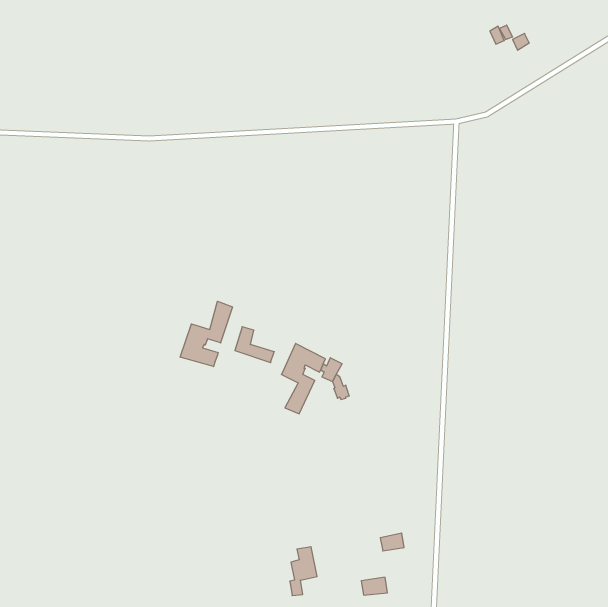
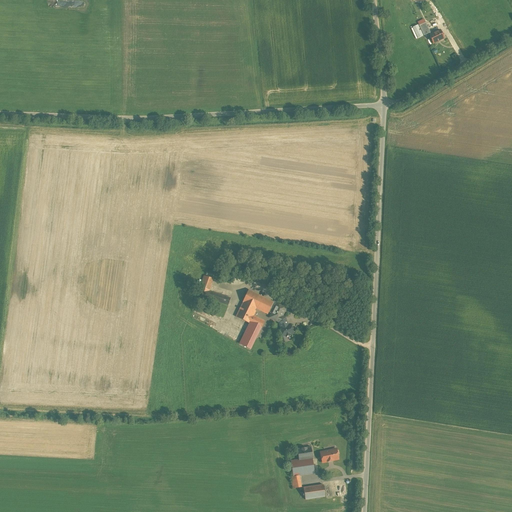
building: [180,301,232,367] -> none
building: [290,547,317,596] -> [291,447,314,488]

